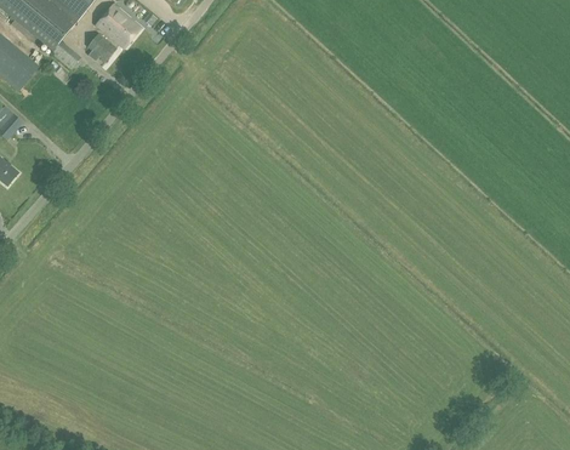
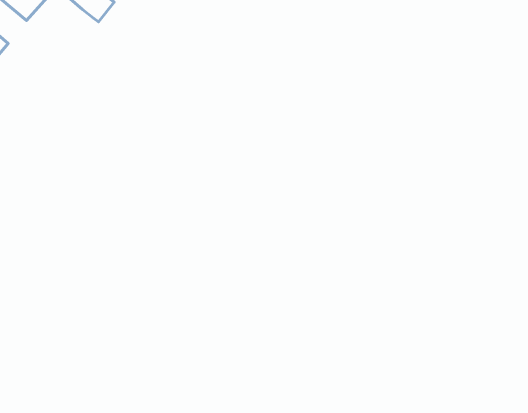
building: [85,34,118,61] -> none

